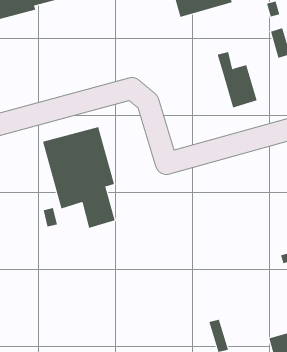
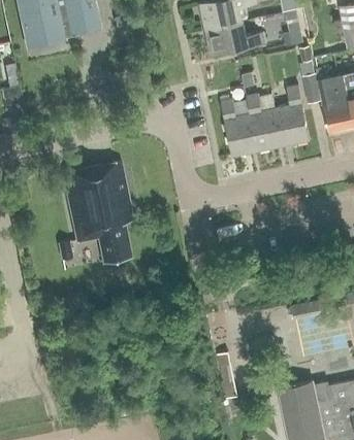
building: none -> [276,87,310,146]
building: none -> [221,100,258,158]

